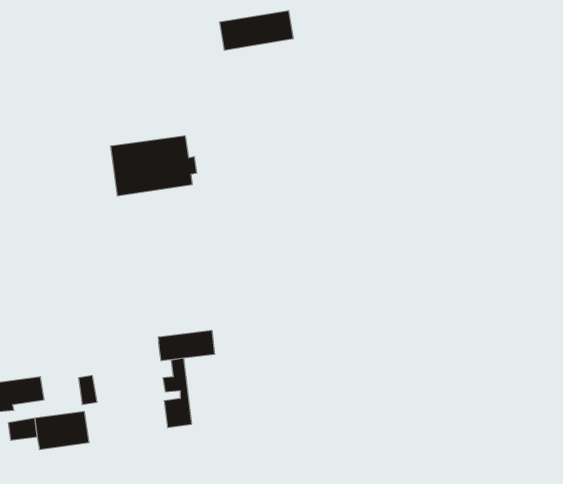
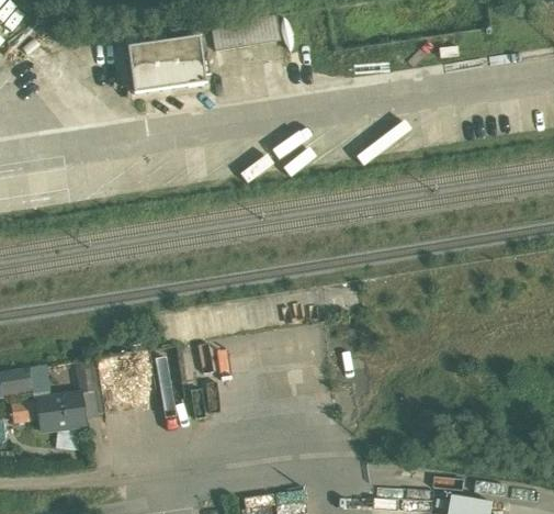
building: [110,136,197,196] -> [128,36,211,93]
building: [159,330,214,361] -> none

